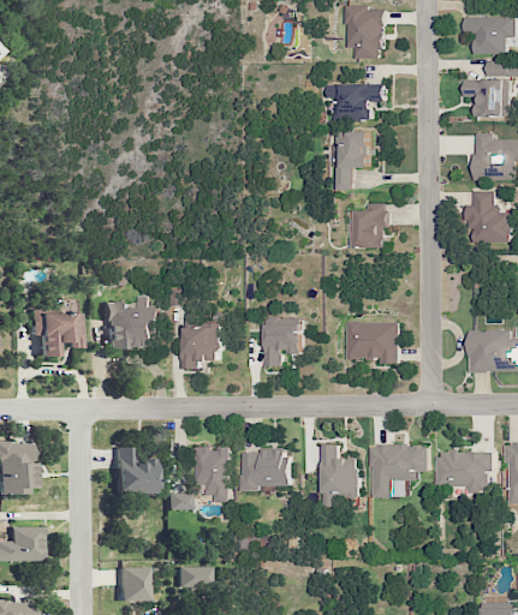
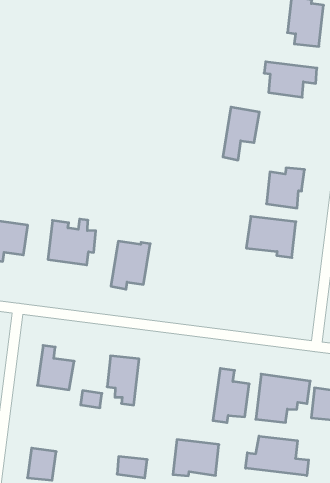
building: [334,130,369,190] -> [223,107,259,160]
building: [345,321,399,363] -> [246,216,296,258]
building: [263,323,302,366] -> none
building: [239,449,290,491] -> [173,440,219,476]
building: none -> [246,436,309,476]
building: [177,566,210,587] -> [117,457,147,478]

